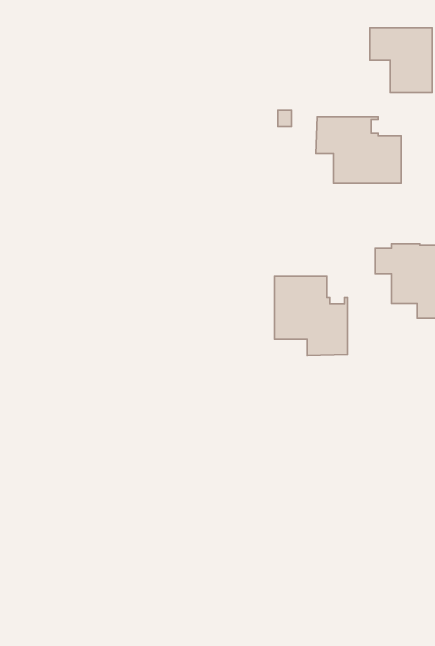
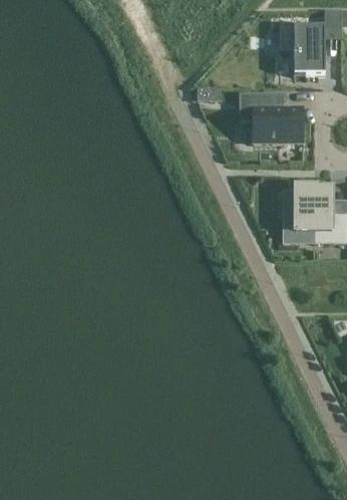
building: [274,276,348,356] -> none

